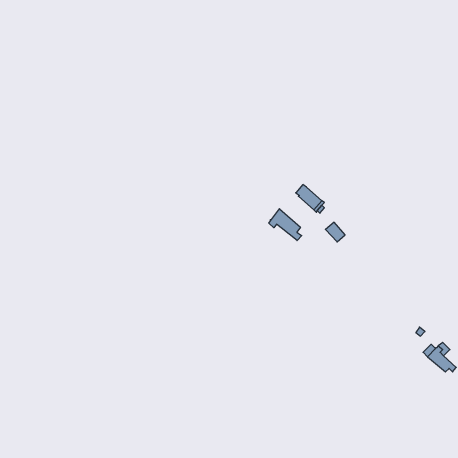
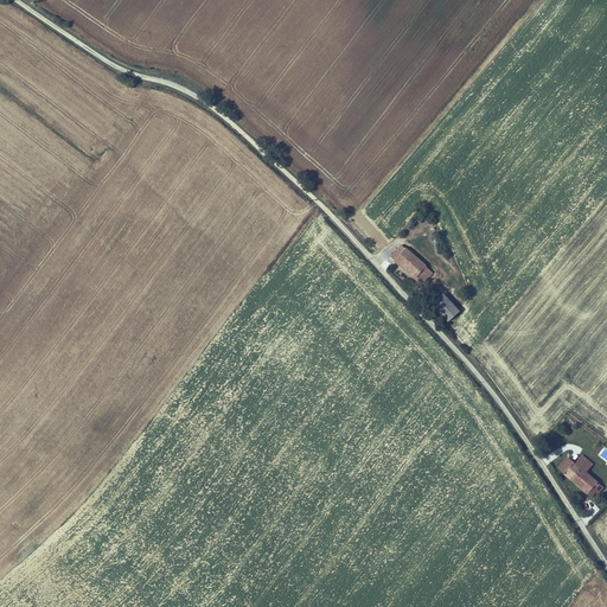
building: [269,209,302,241] -> none

